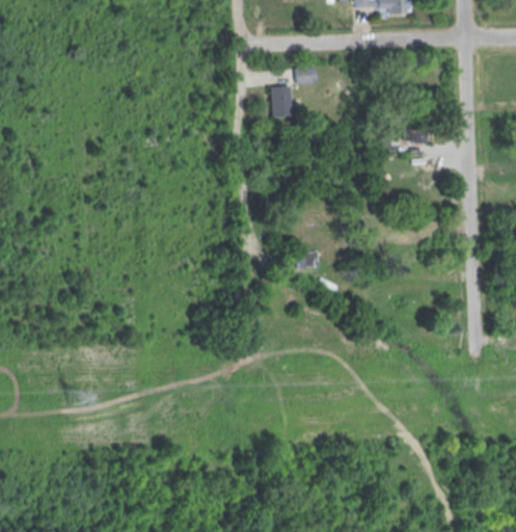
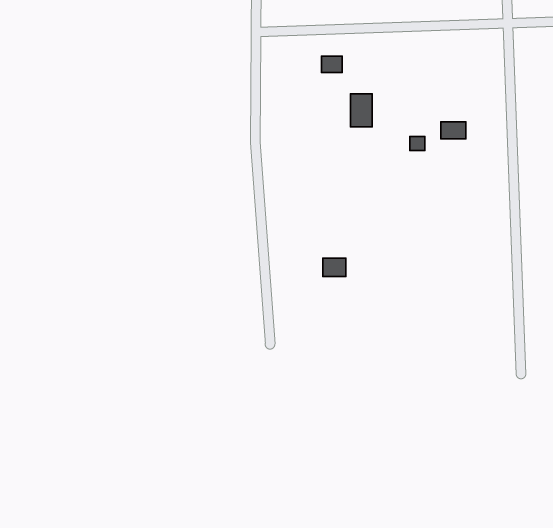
building: [272,85,292,115] -> [350,94,372,127]

